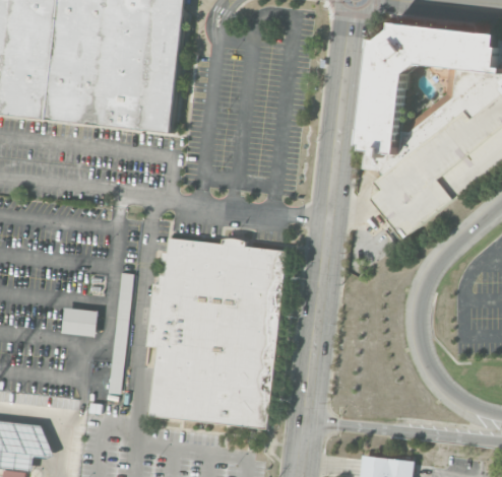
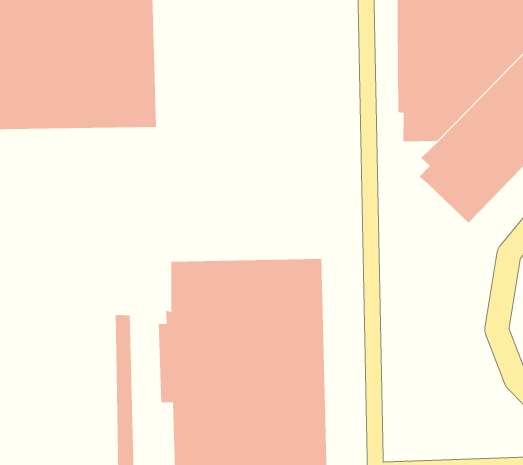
building: [59,308,95,336] -> none

